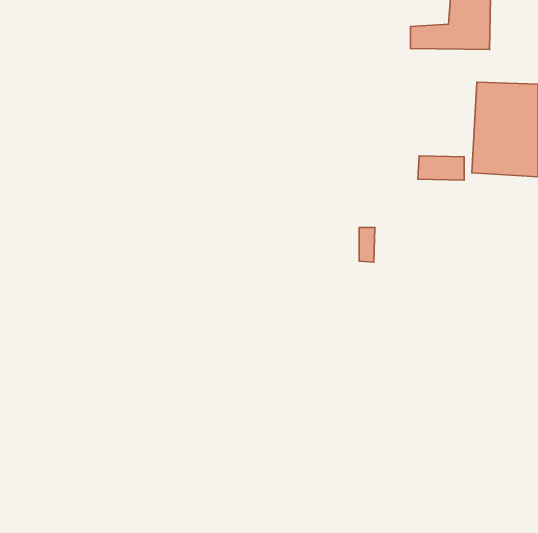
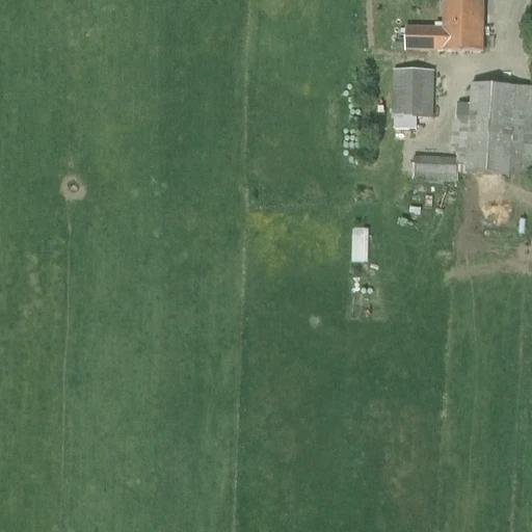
building: none -> [392,66,434,127]

